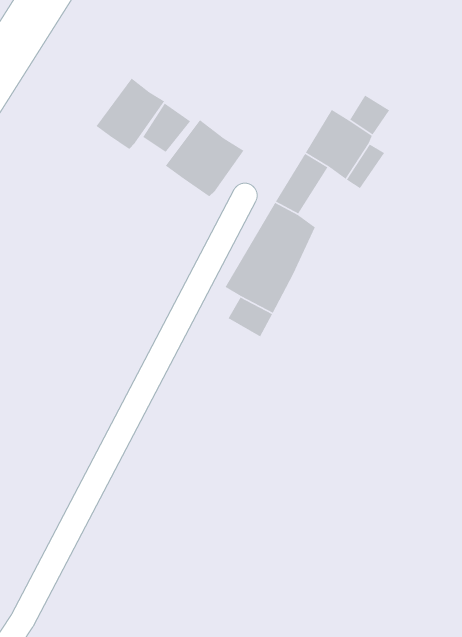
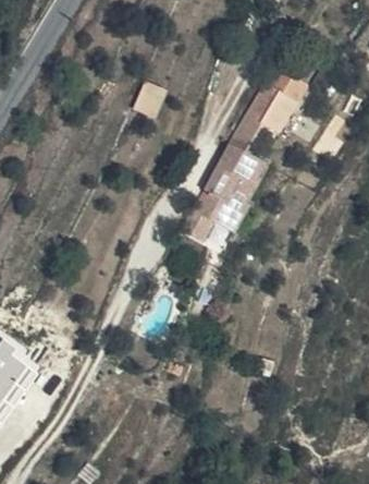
building: [96,78,165,150] -> none
building: [165,119,244,197] -> none

